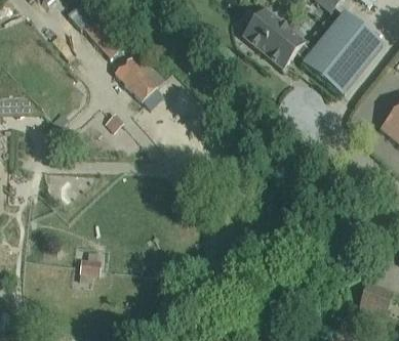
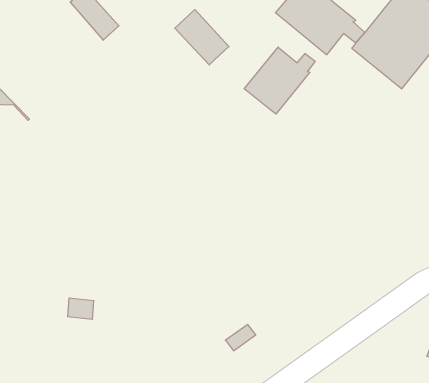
building: [115,57,157,100] -> [175,10,229,65]
building: none -> [244,47,315,114]

